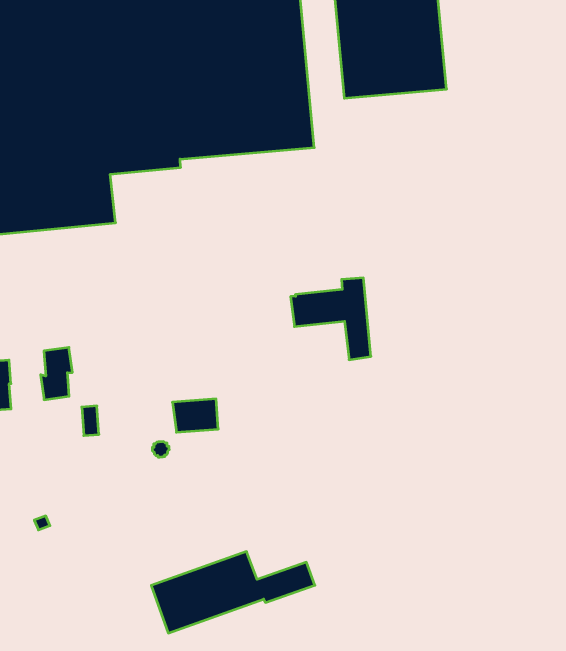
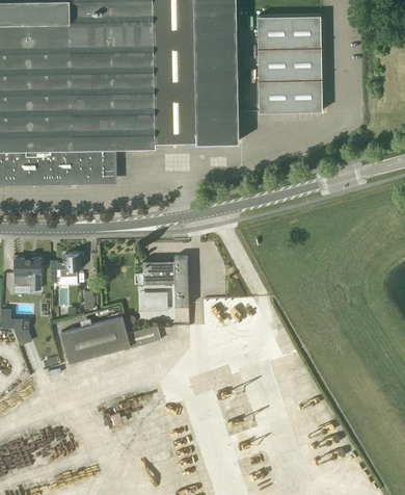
building: [291,278,371,360] -> [142,257,189,307]
building: [151,552,315,633] -> [61,316,162,363]

